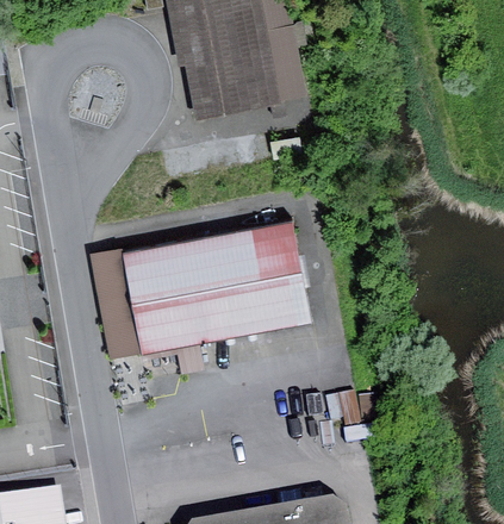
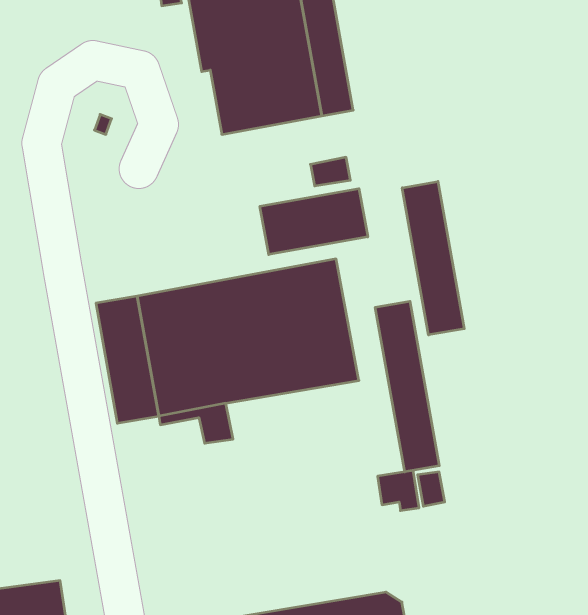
building: none -> [402,181,464,335]
building: none -> [260,189,368,255]
building: none -> [375,301,439,472]

